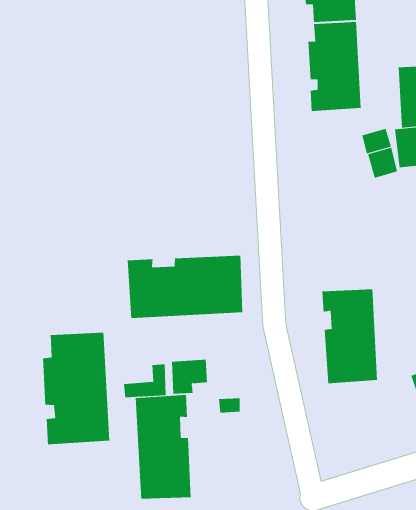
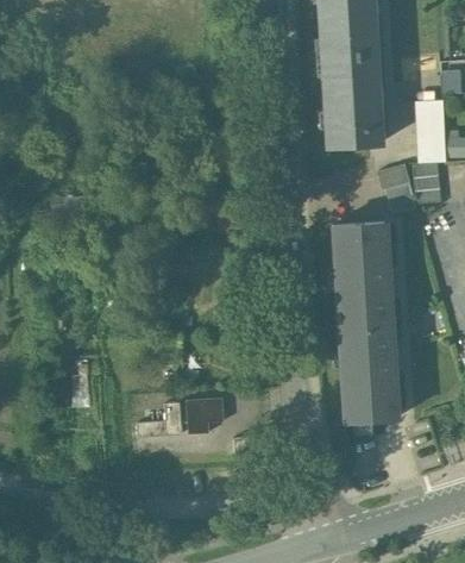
building: none -> [333,223,390,329]
building: [127,255,243,319] -> none
building: [42,332,110,445] -> none
building: [135,394,191,500] -> none

